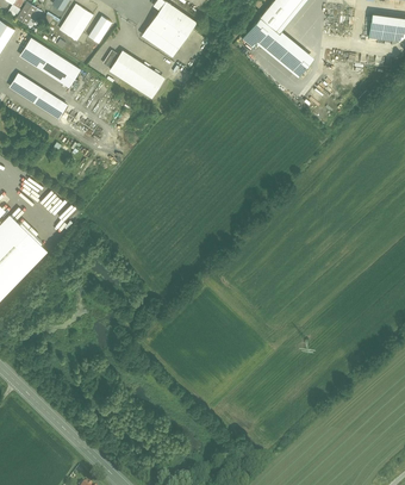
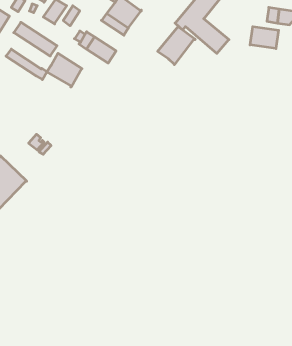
building: none -> [250,27,279,49]
building: none -> [158,27,195,65]
building: none -> [47,53,82,87]

